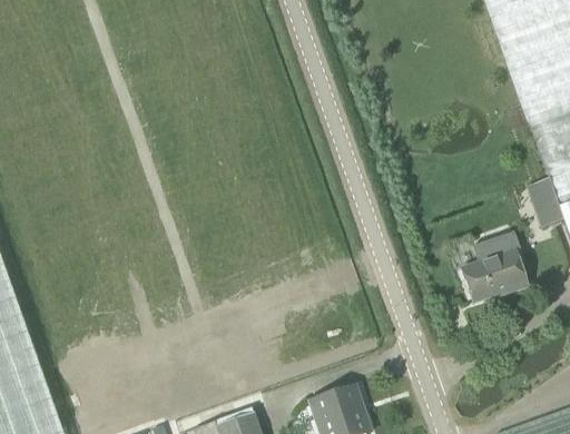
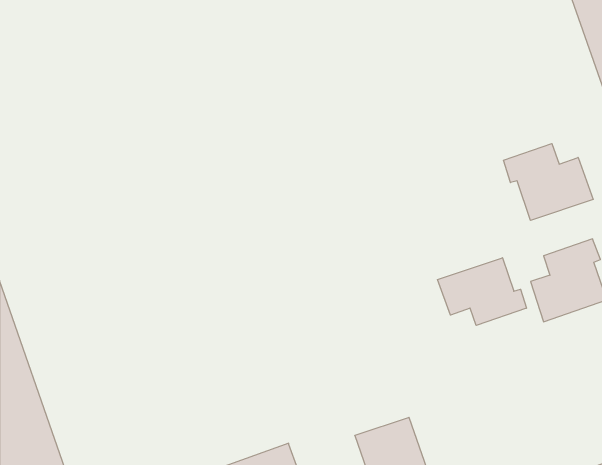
building: none -> [503,144,593,220]
building: none -> [438,258,526,325]

